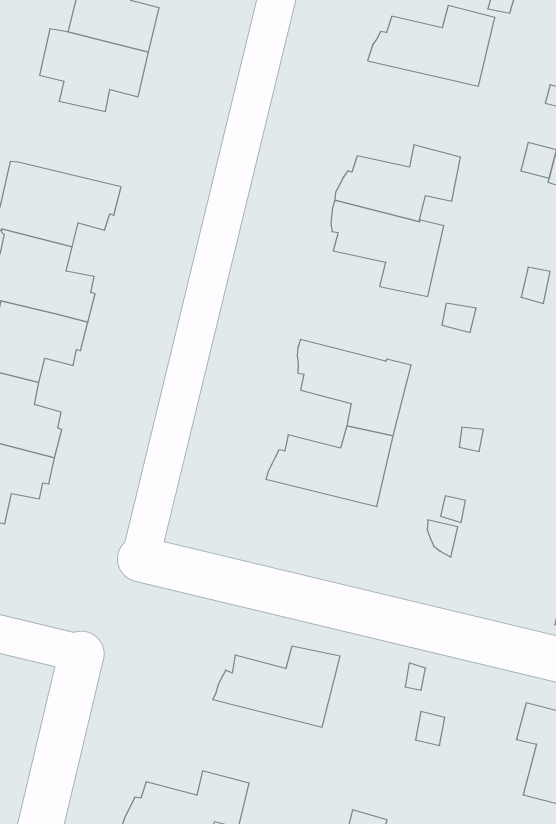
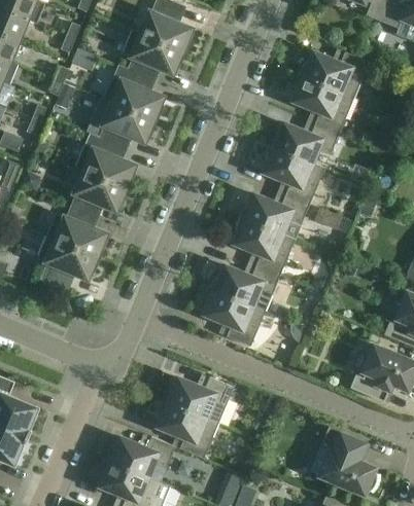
building: none -> [294,74,354,133]
building: none -> [104,67,164,120]
building: none -> [239,194,310,239]
building: none -> [205,287,266,347]
building: none -> [158,399,218,459]

